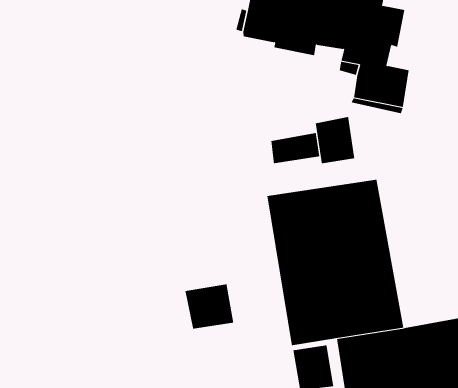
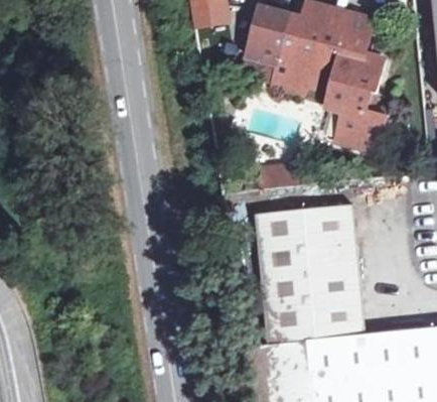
building: [315,116,355,164] -> none
building: [185,284,234,330] -> none

